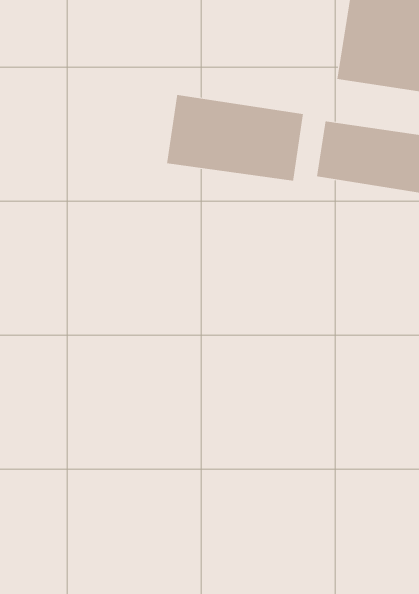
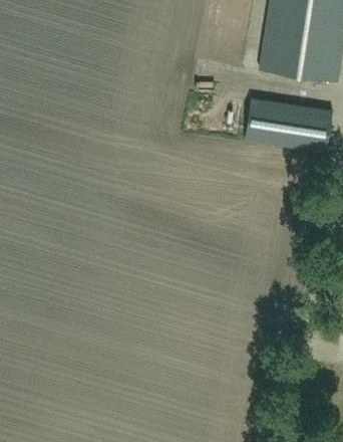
building: [167,94,304,181] -> none

